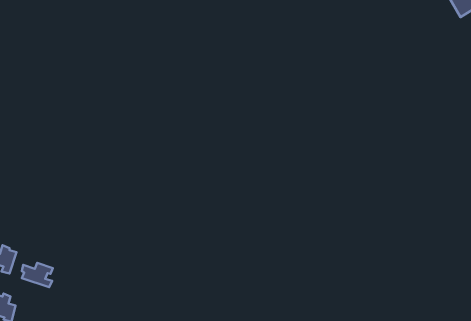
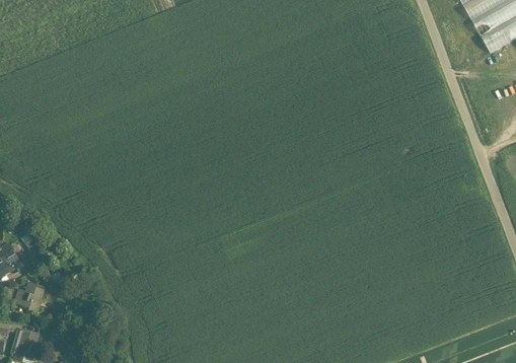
building: [22,263,53,287] -> none

